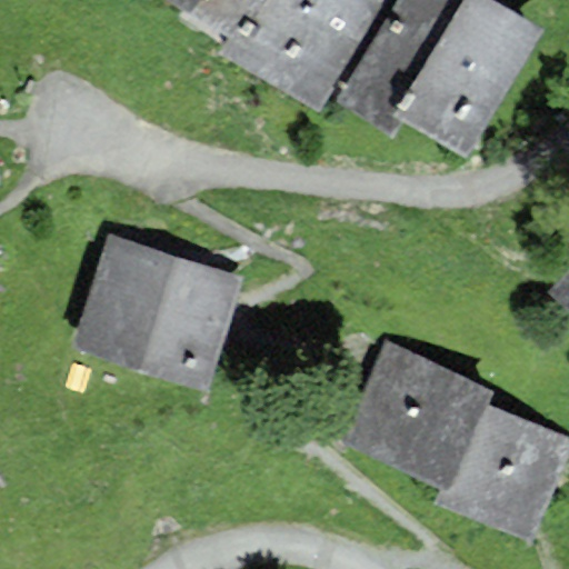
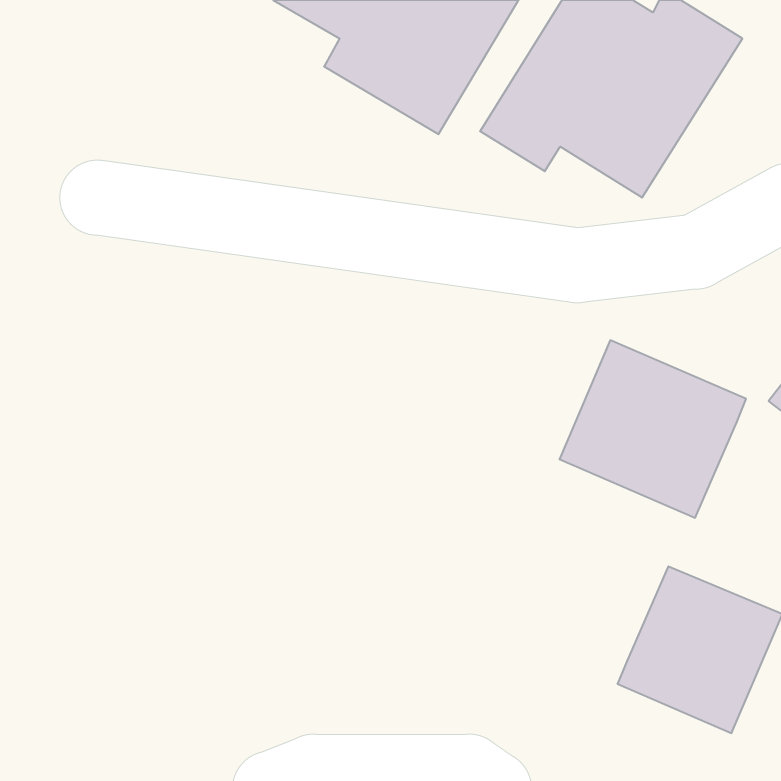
building: [90,248,237,382] -> none
building: [359,355,493,482] -> [559,340,746,518]

